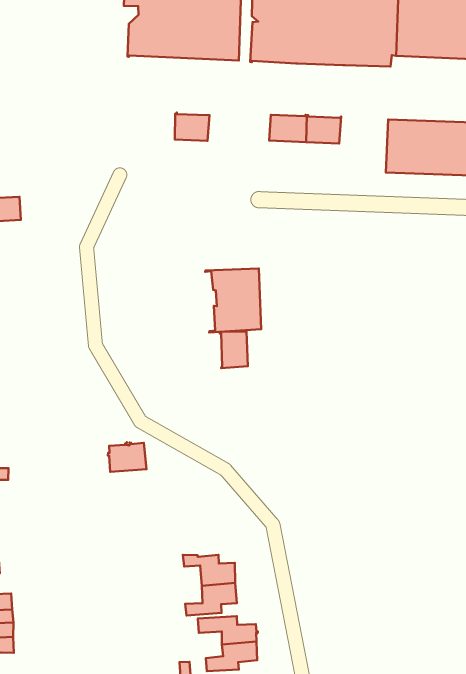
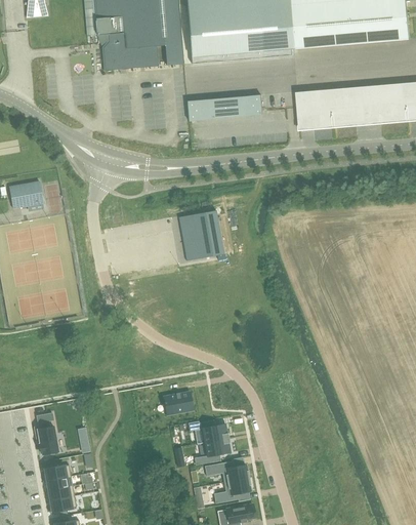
building: [175,113,209,141] -> [186,99,212,120]
building: [220,331,248,368] -> none
building: [108,442,146,472] -> [164,391,193,414]

